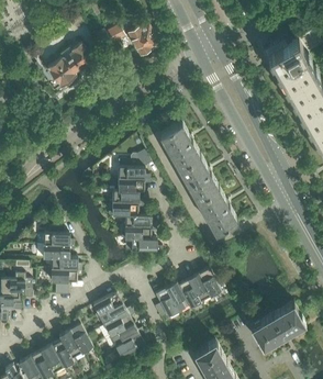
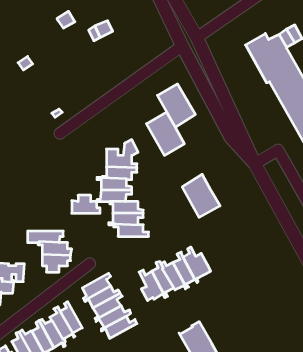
building: [126,24,159,56] -> none
building: [46,43,93,88] -> none
building: [178,154,218,199] -> [157,84,195,127]
building: [43,226,73,245] -> [72,195,100,213]
building: [249,301,304,347] -> none

